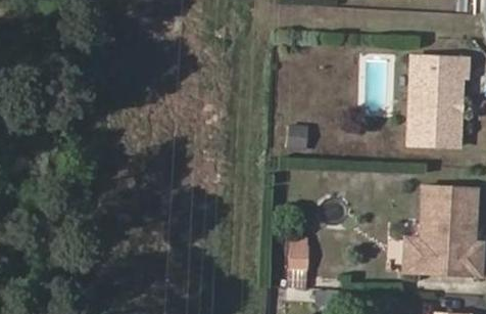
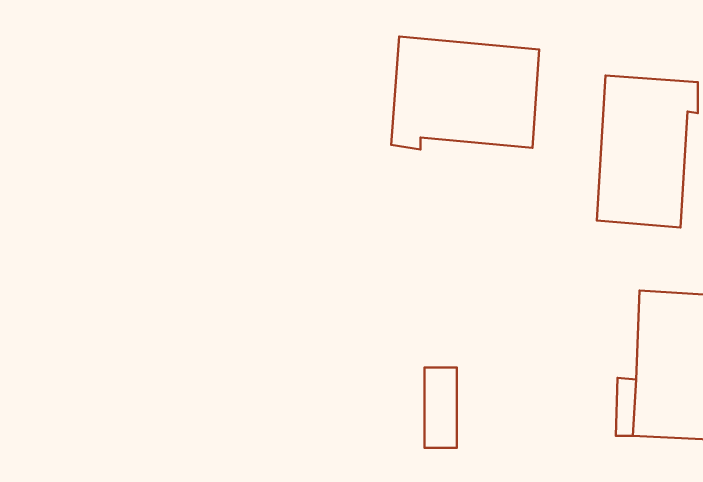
building: none -> [391,36,539,150]

